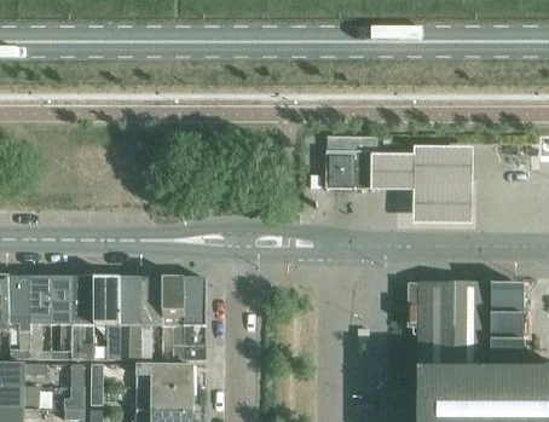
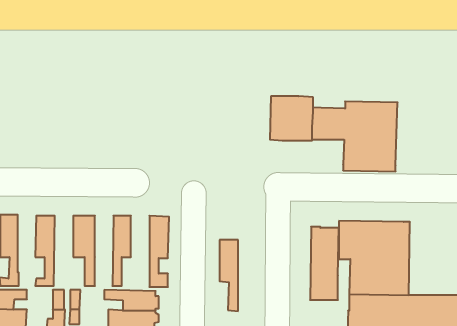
building: [29,276,51,359] -> none
building: [71,277,94,359] -> none
building: [120,277,141,359] -> none
building: [162,277,184,360] -> [220,240,238,311]
building: [489,284,522,370] -> [310,227,339,300]

